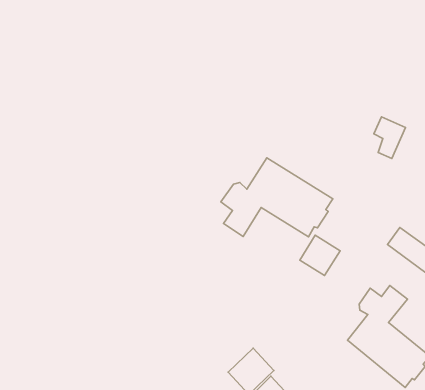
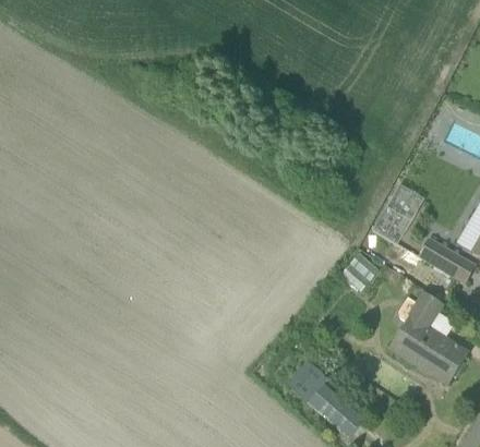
building: [374,117,406,158] -> [384,200,412,237]
building: [221,158,333,237] -> none

